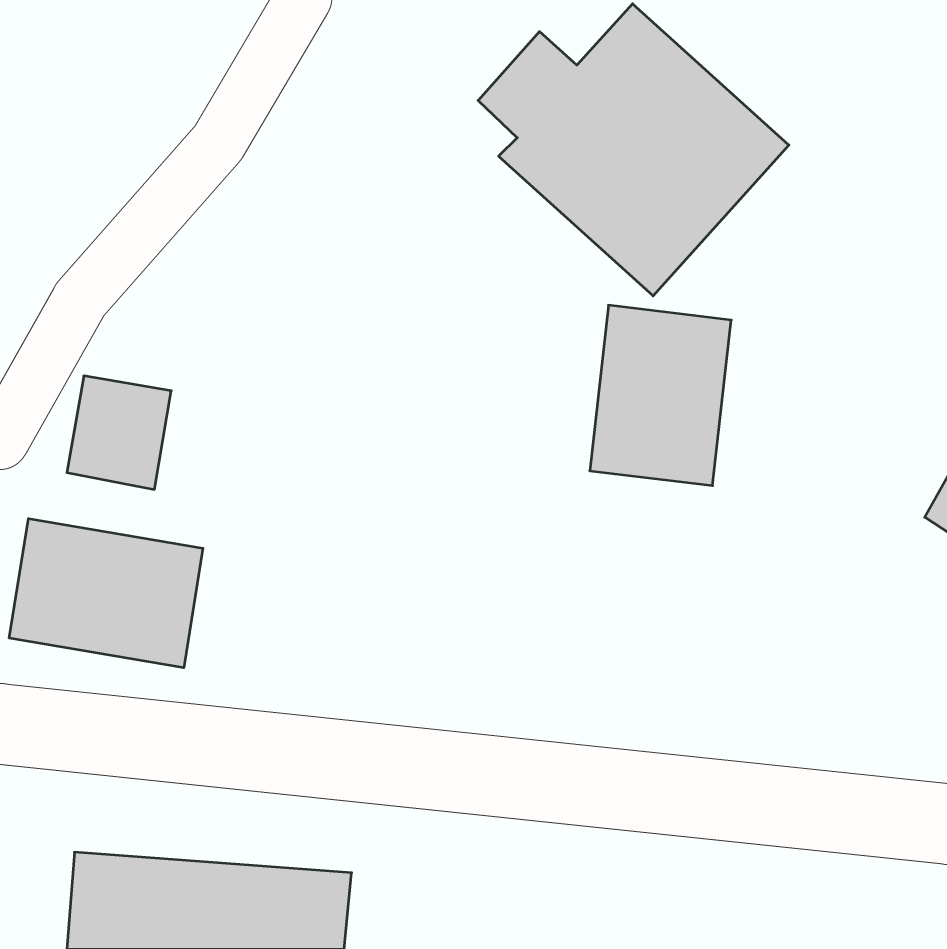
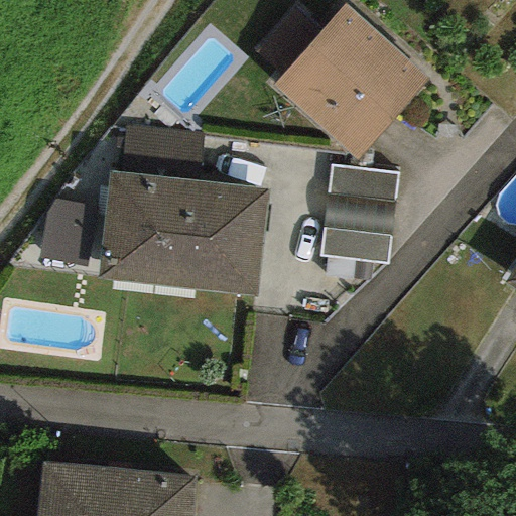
building: none -> [99,172,268,294]
building: [9,519,203,668] -> none

